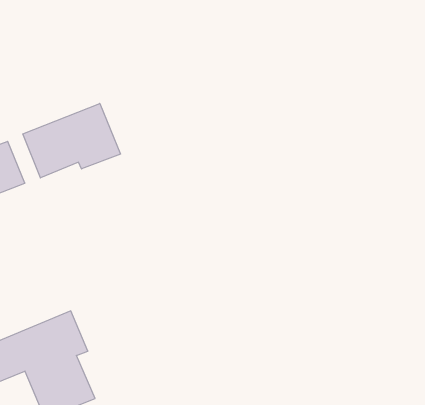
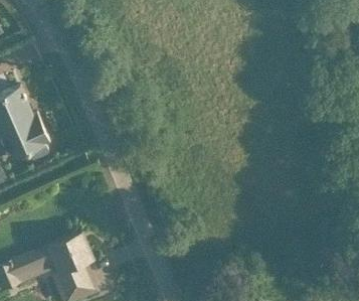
building: [23,103,120,178] -> none

